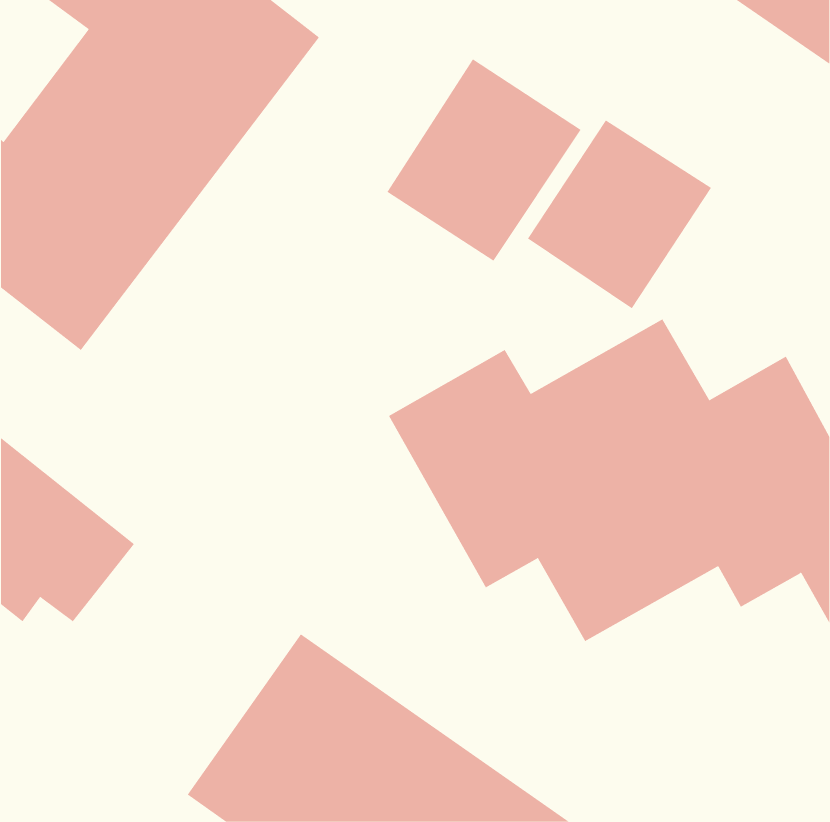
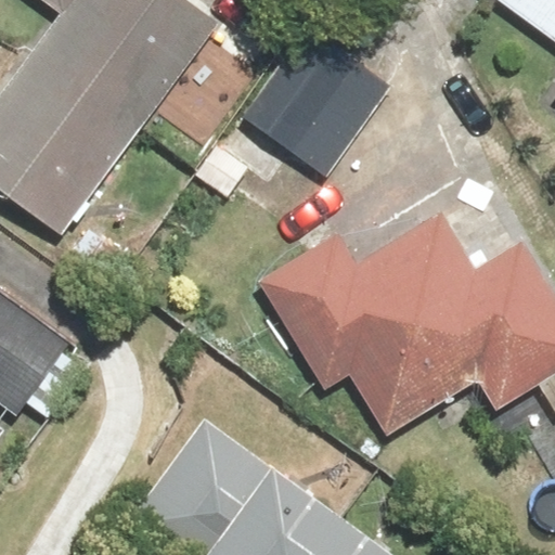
building: [527,119,712,309] -> none

